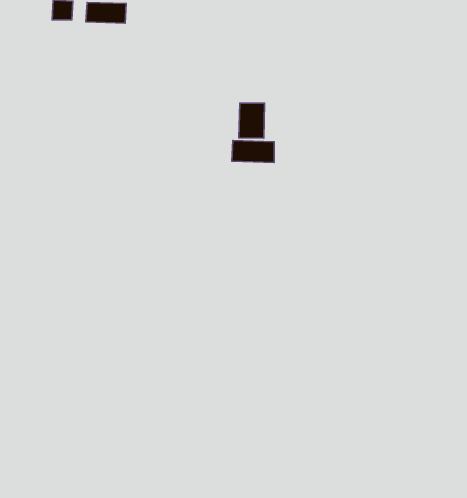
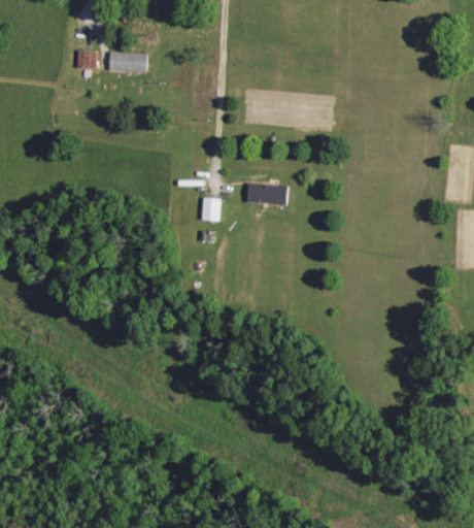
building: [239,103,265,138] -> none
building: none -> [202,197,221,220]

